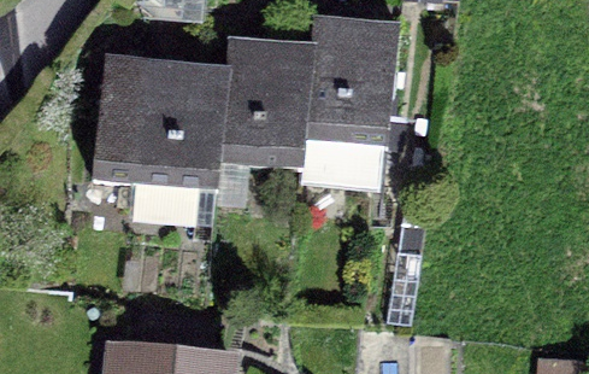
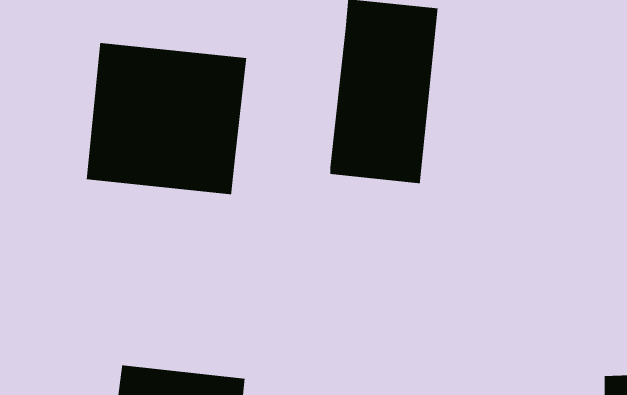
building: [222,39,317,169] -> none

